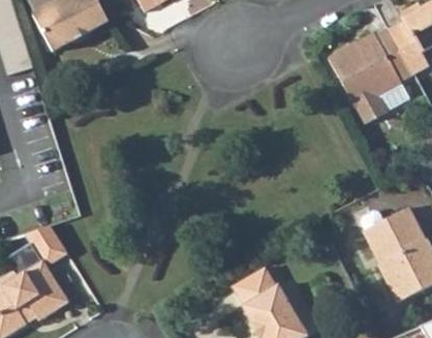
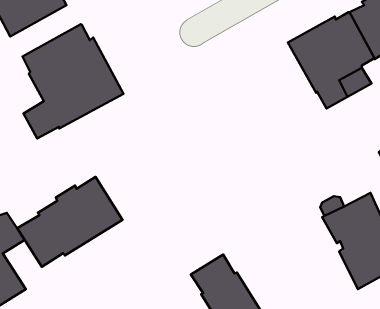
building: none -> [22,24,124,138]
building: none -> [17,177,122,267]

